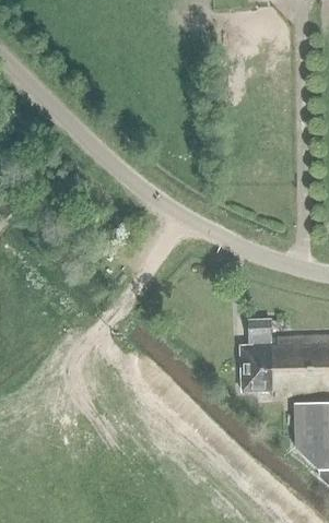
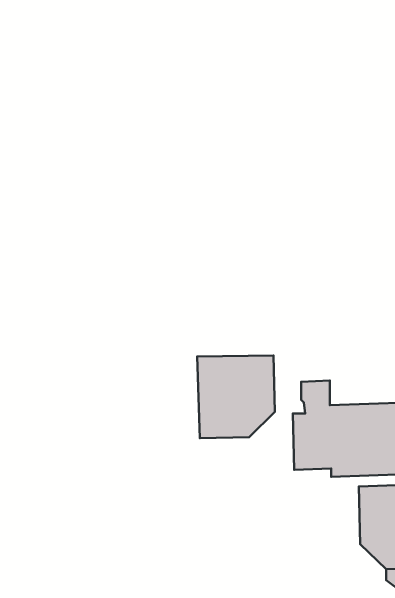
building: none -> [197,355,275,438]

